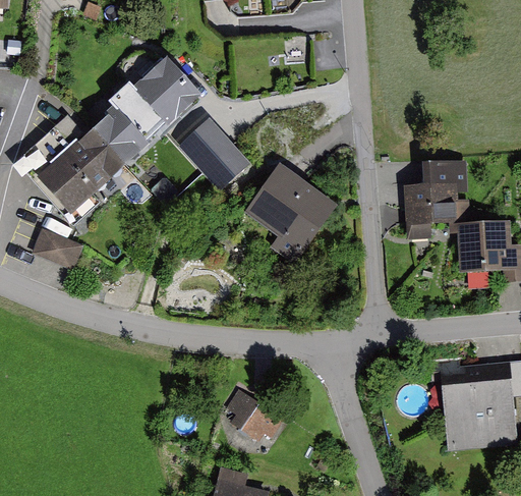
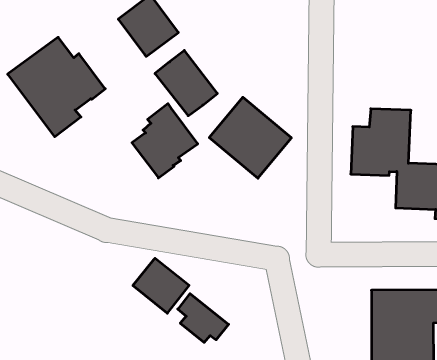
building: [93,82,166,166] -> [132,104,198,178]
building: [32,226,82,268] -> none
building: none -> [133,258,189,313]

